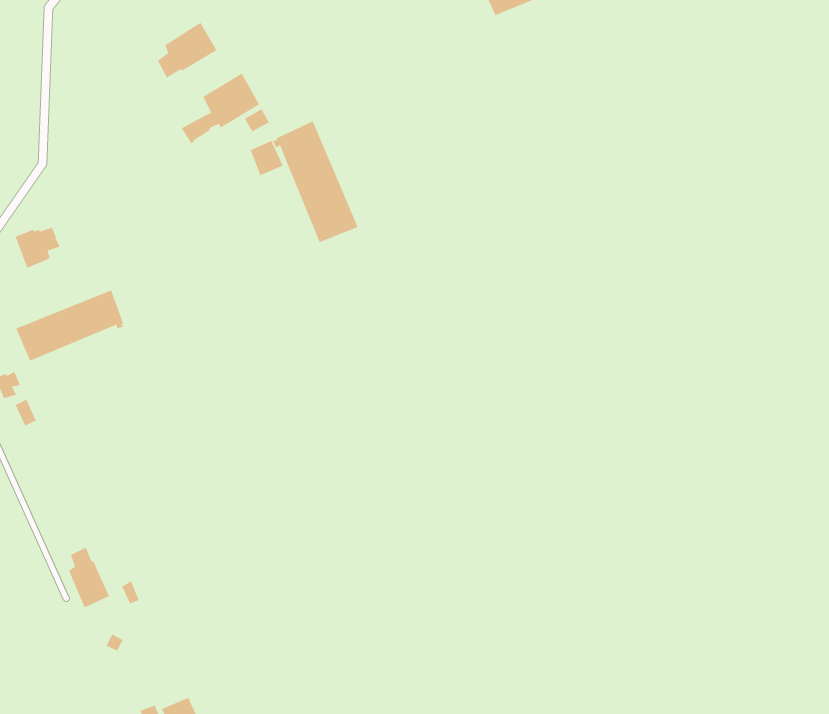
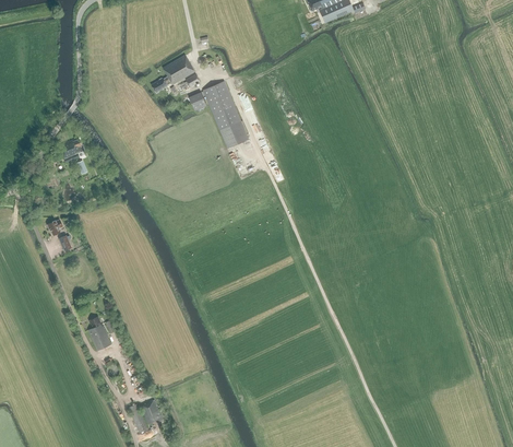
building: [157,22,217,79] -> none
building: [15,290,125,362] -> none

